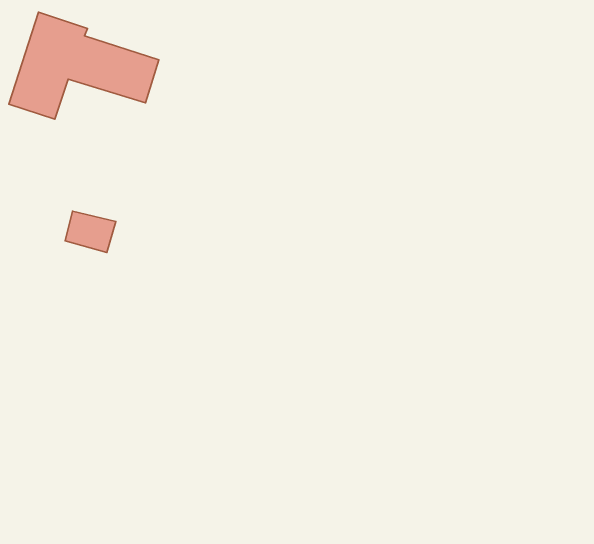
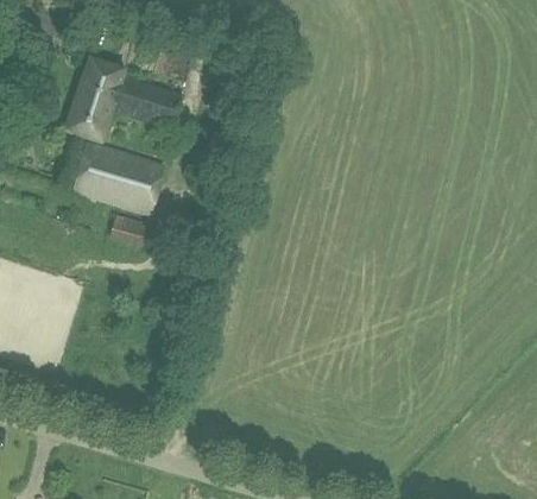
building: none -> [72,144,164,214]

